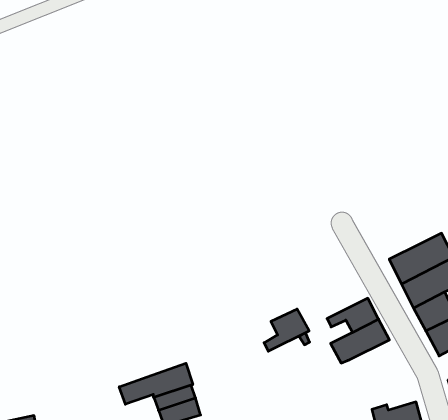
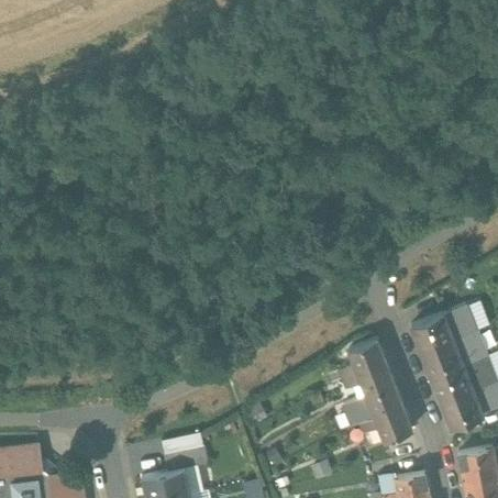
building: [264,309,309,351] -> [341,340,387,379]
building: none -> [362,407,413,443]
building: [119,363,193,404] -> none

